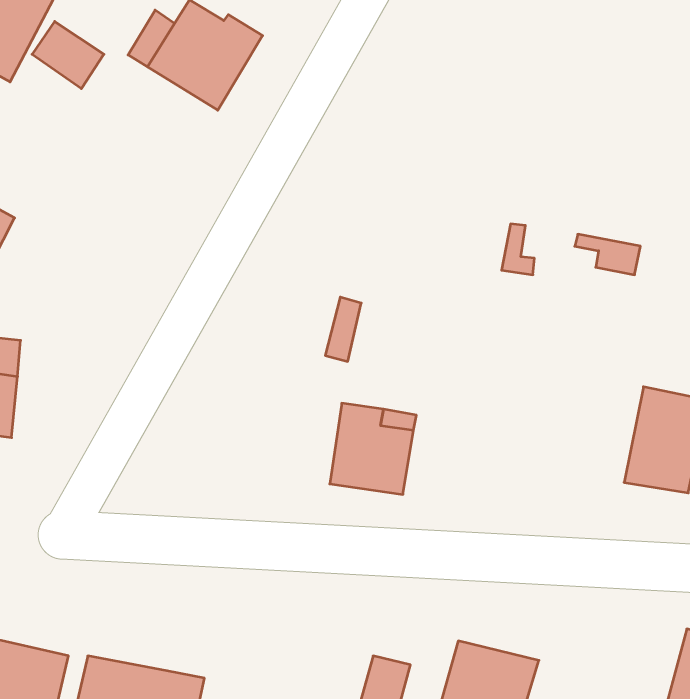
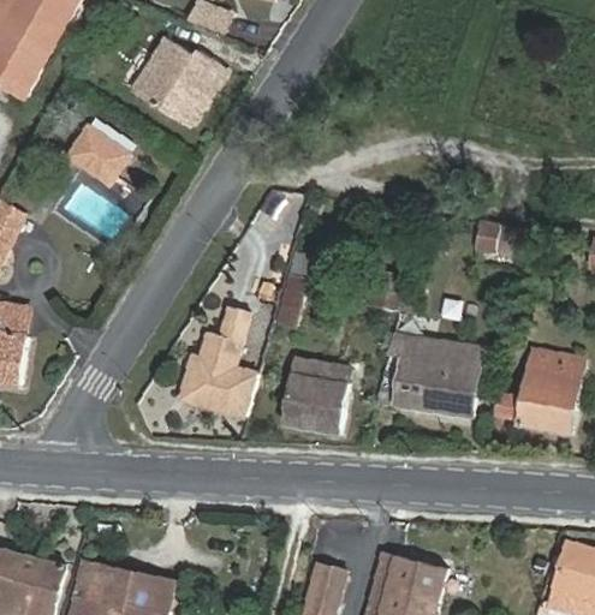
building: [32,21,104,89] -> [72,126,130,180]
building: none -> [179,308,256,418]
building: none -> [373,334,480,418]

